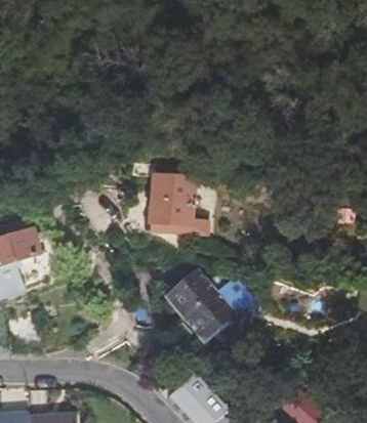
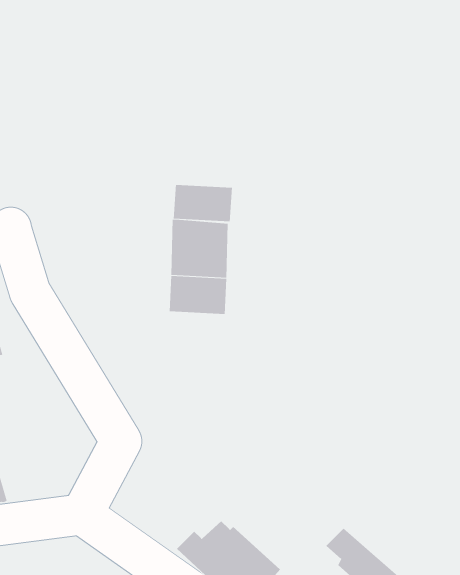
building: none -> [173,184,233,222]
building: [165,271,236,344] -> none

